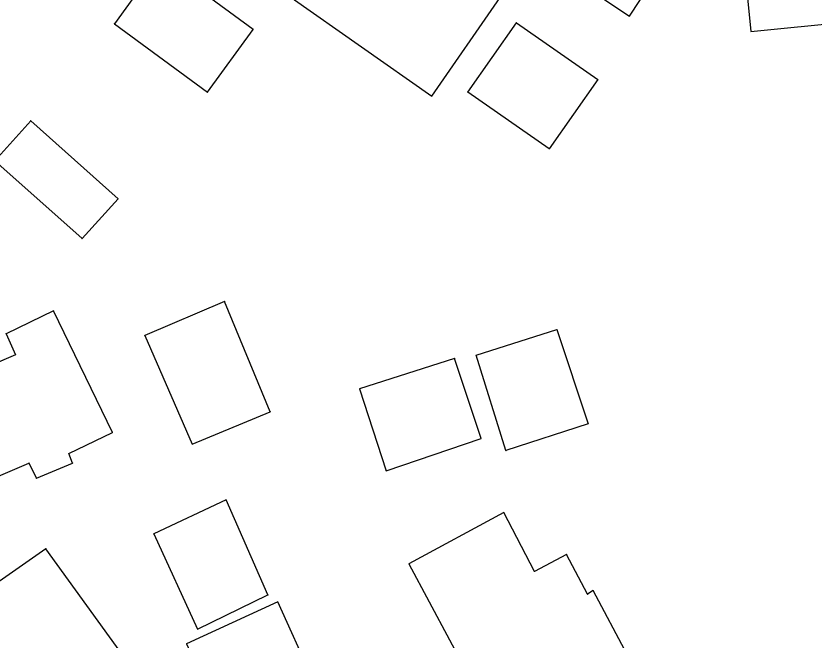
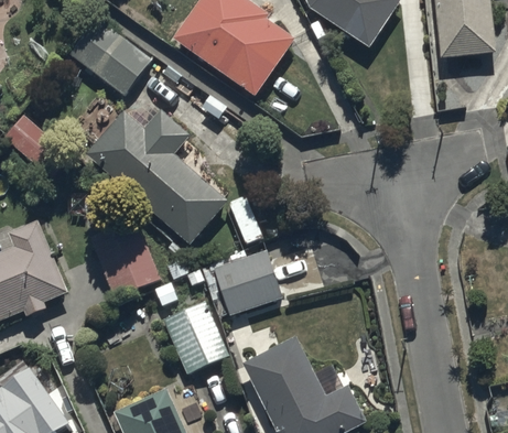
building: [468,23,598,149] -> none
building: none -> [85,109,229,246]
building: [476,330,588,451] -> none
building: [154,500,268,629] -> [163,299,229,374]

